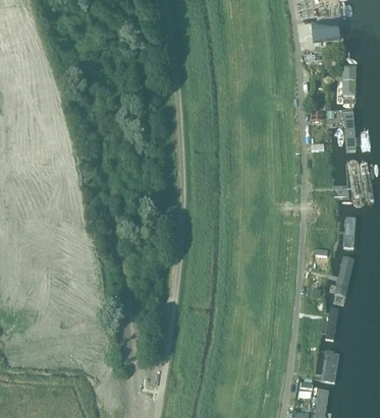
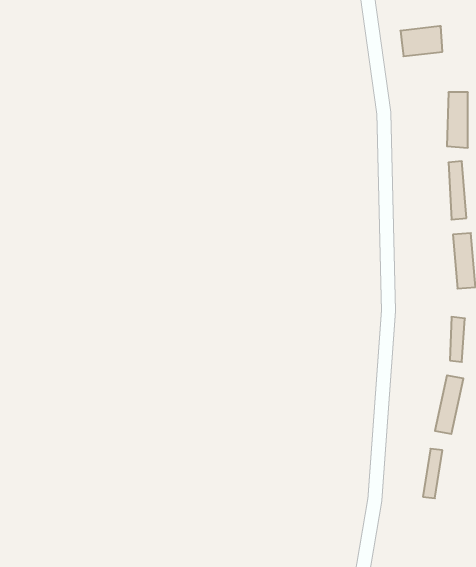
building: [320,348,338,382] -> none

